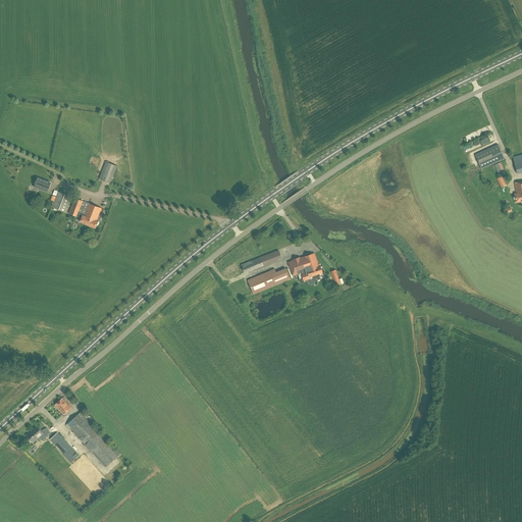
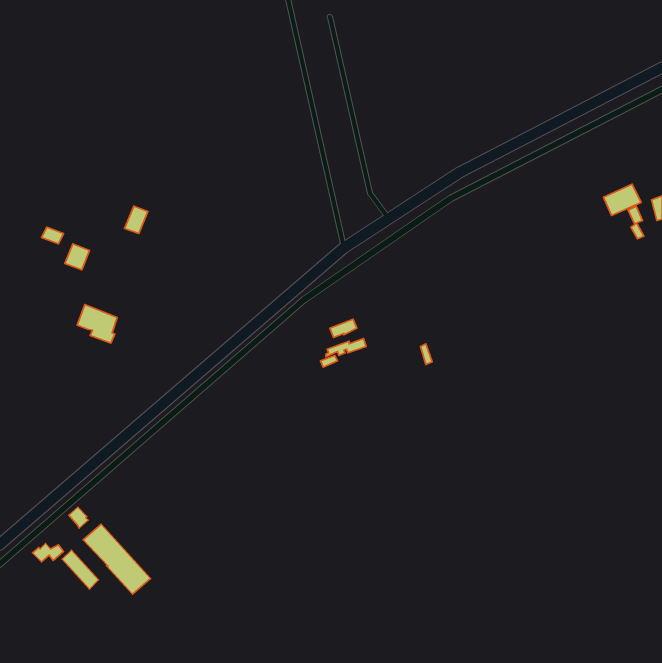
building: [68,198,100,228] -> [77,304,117,343]
building: [288,253,321,285] -> none

